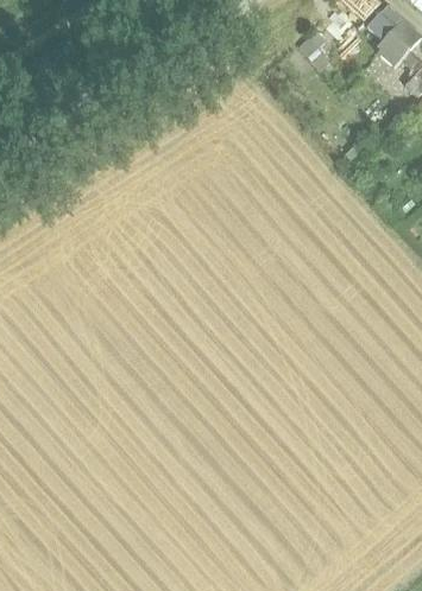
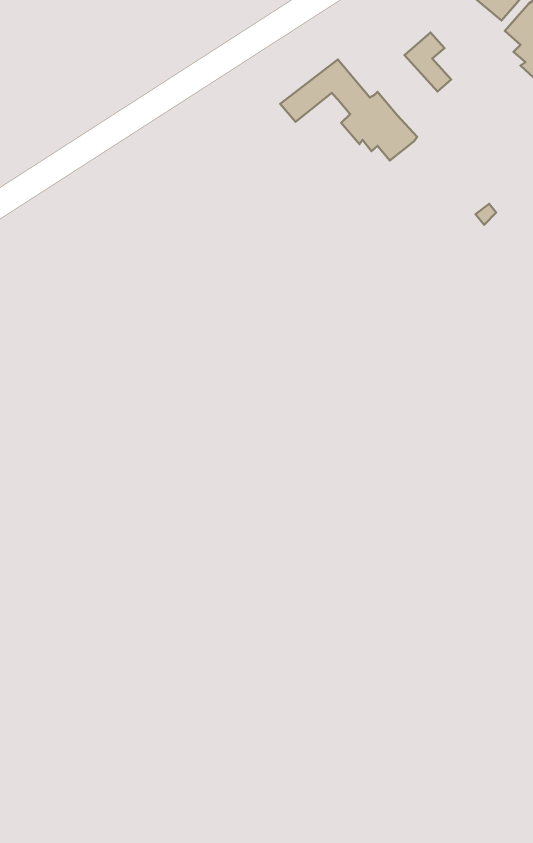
building: none -> [280,60,417,160]

